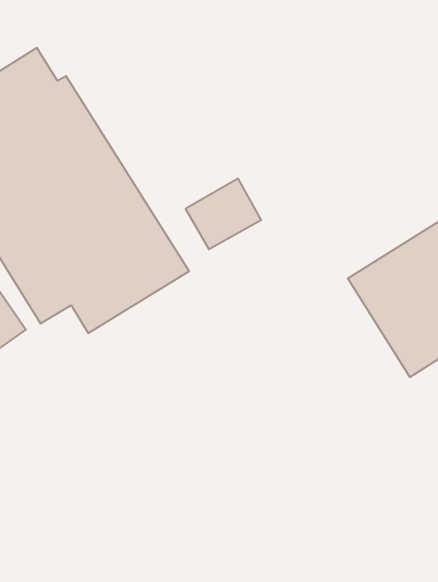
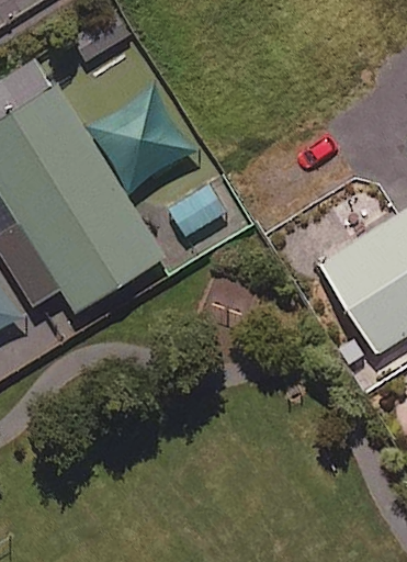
building: none -> [94,82,197,187]

